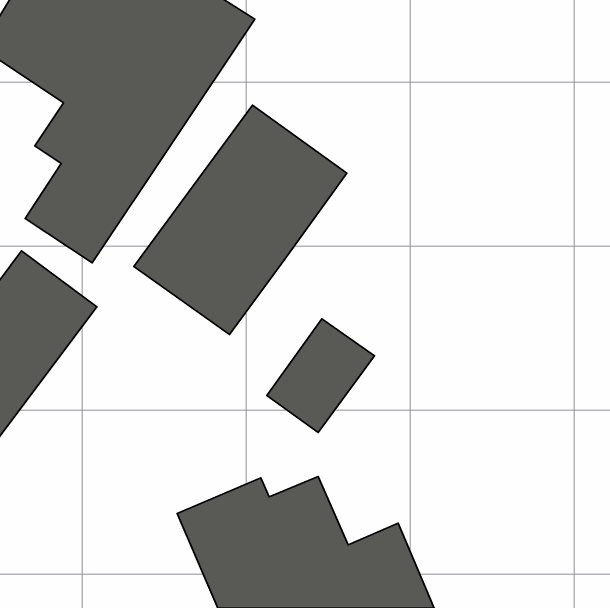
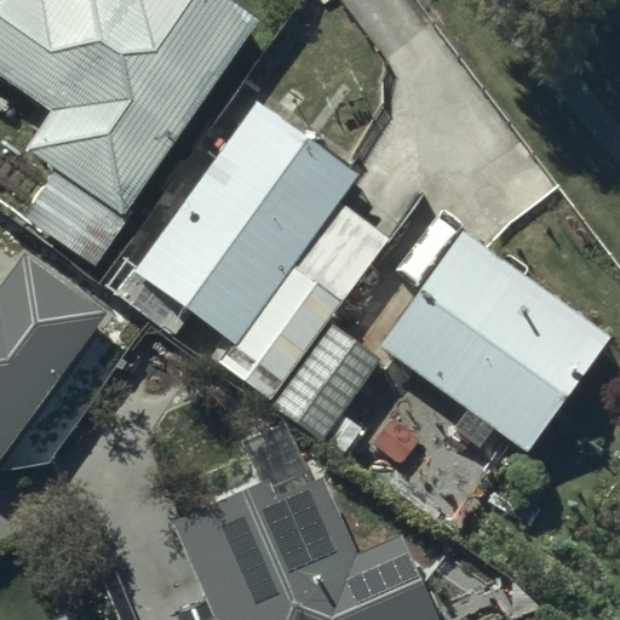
building: none -> [388,240,603,446]
building: none -> [216,263,343,401]

